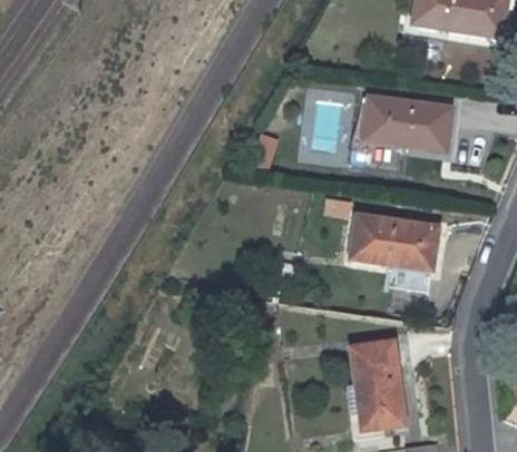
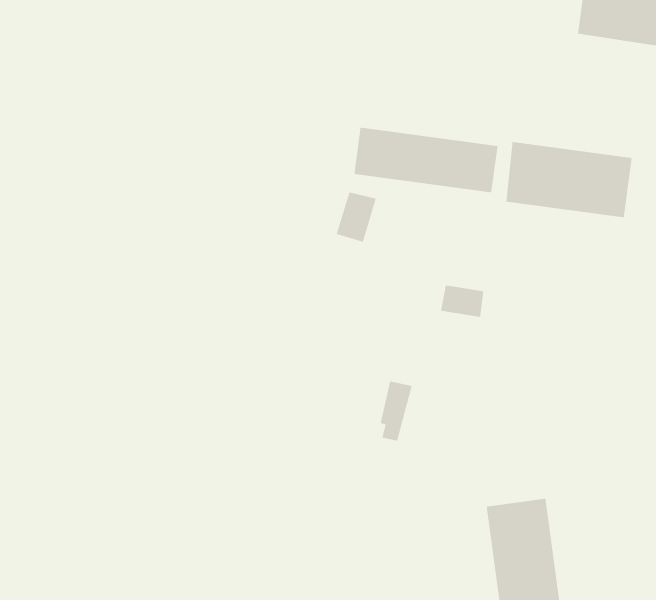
building: none -> [354,127,498,193]
building: [351,217,439,268] -> none

